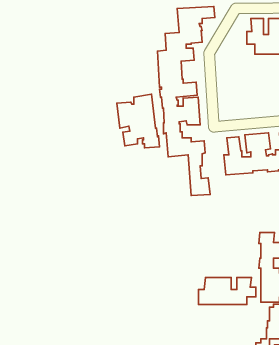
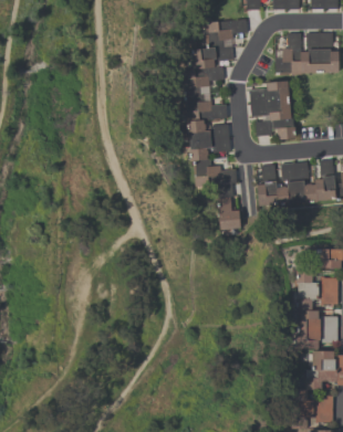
building: [117,94,160,148] -> [248,80,295,139]
building: [199,277,256,304] -> none

